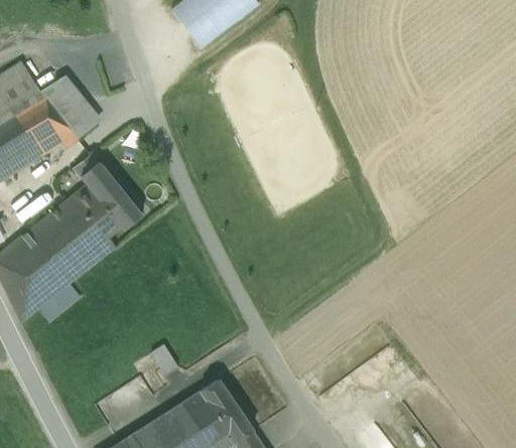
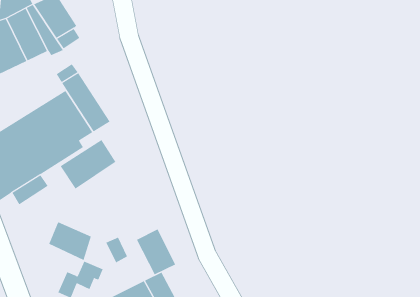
building: none -> [60,139,116,190]
building: none -> [136,229,176,275]
building: none -> [49,221,91,261]

